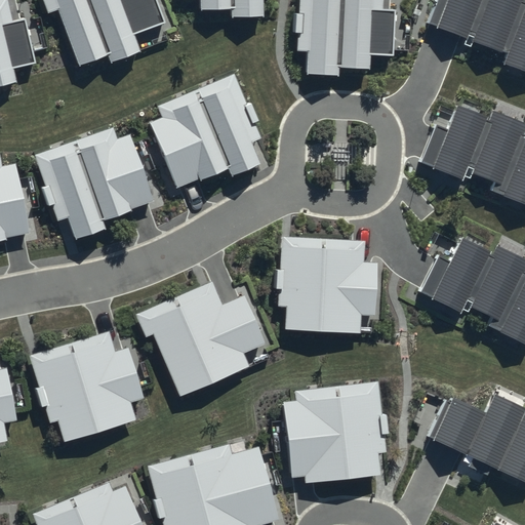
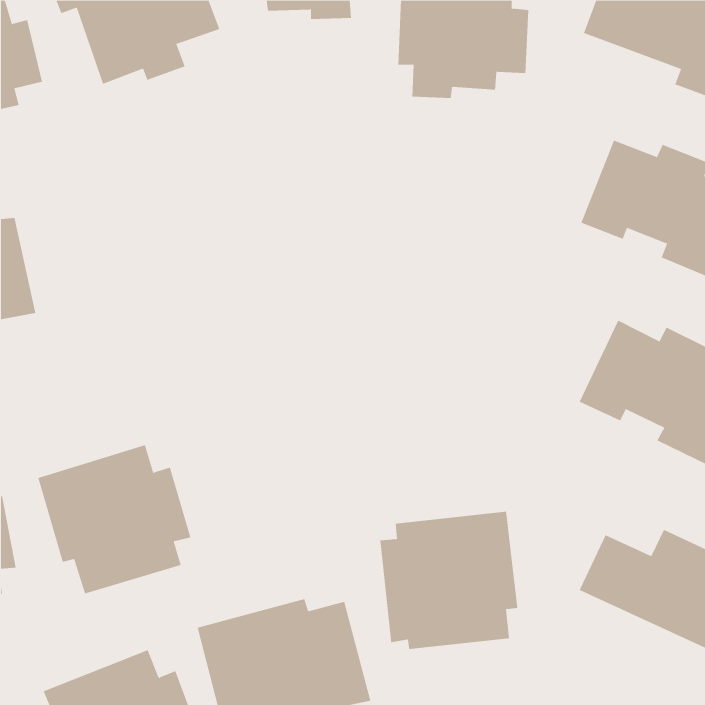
building: [150,74,260,188] -> none
building: [34,127,152,237] -> none
building: [279,237,377,333] -> none
building: [135,281,265,396] -> none

